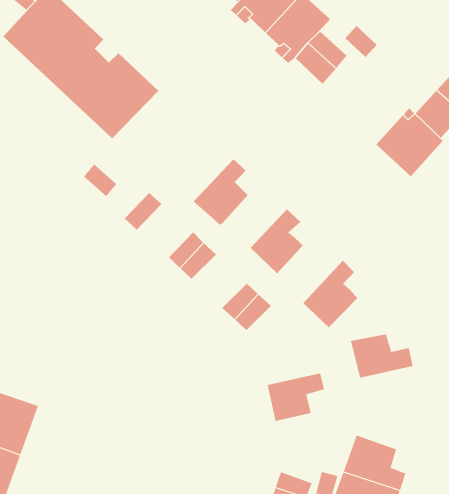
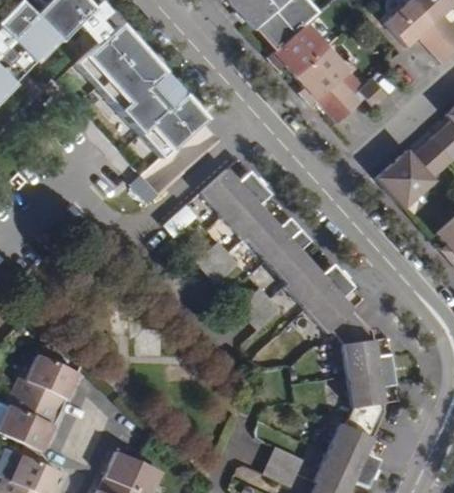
building: none -> [201,166,259,214]
building: none -> [246,213,300,257]
building: none -> [284,259,343,307]
building: [267,373,325,421] -> [348,368,396,405]

